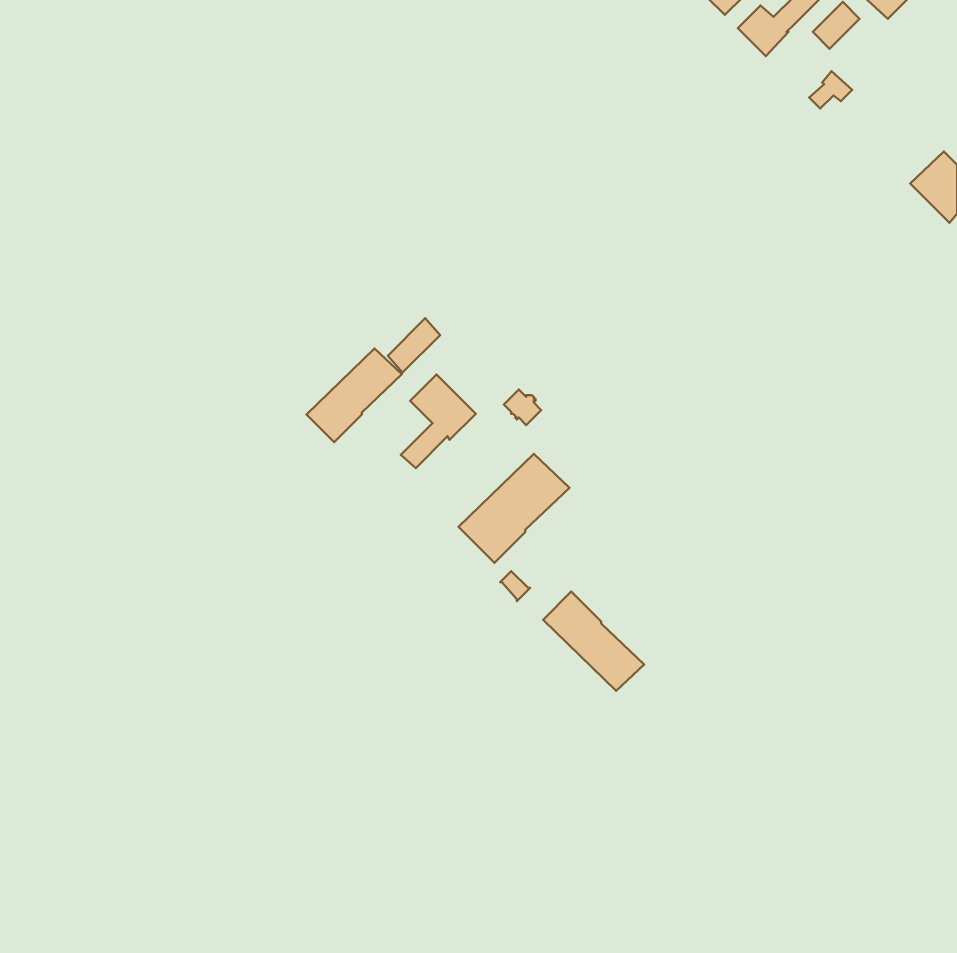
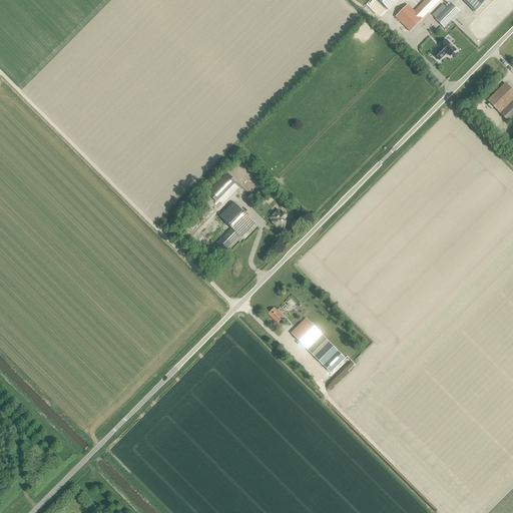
building: [306,349,402,442] -> none
building: [458,454,570,563] -> none

